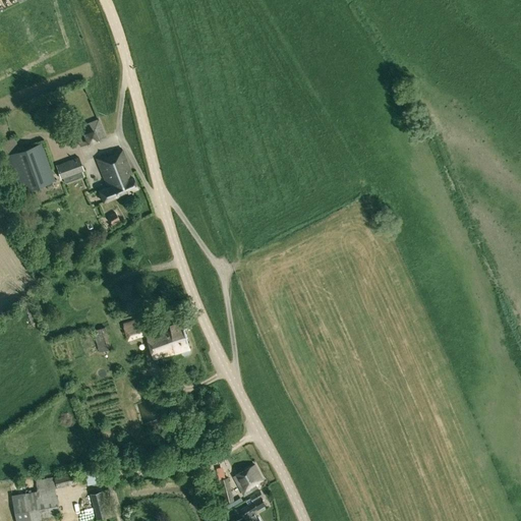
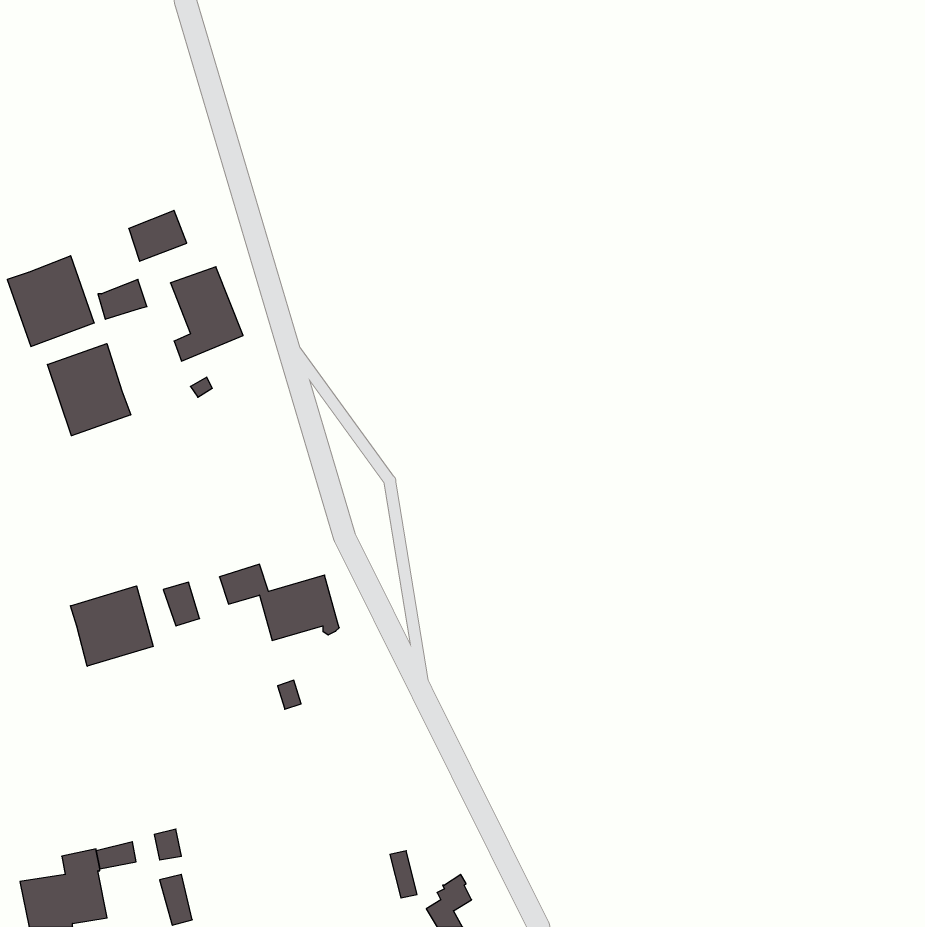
building: none -> [47,344,131,436]
building: none -> [70,586,153,666]
building: [234,465,263,495] -> none

